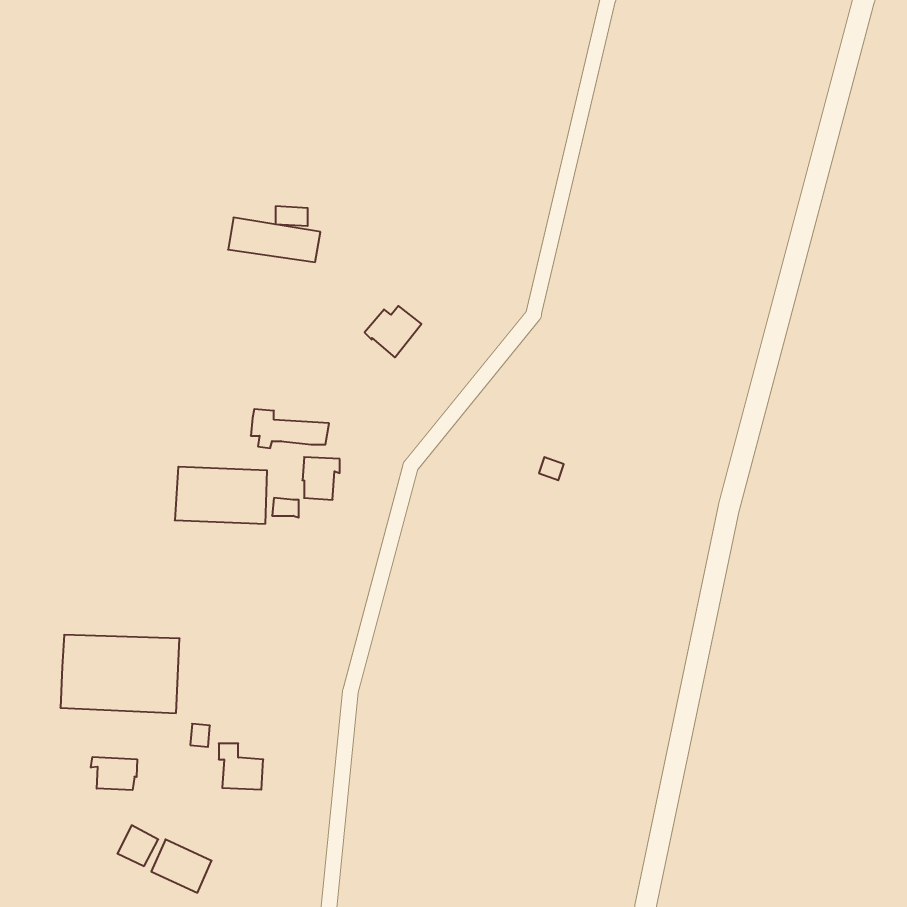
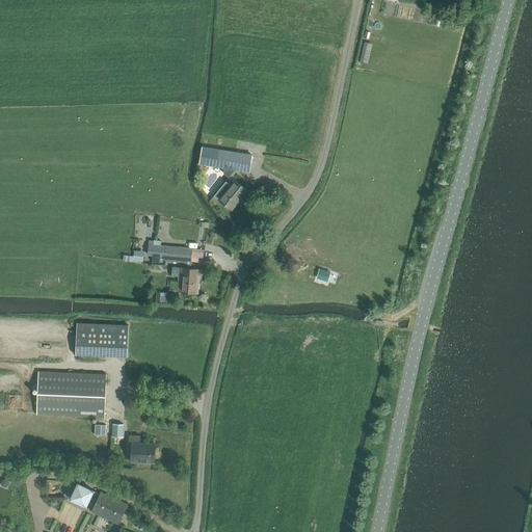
building: [228,218,320,262] -> [197,147,251,172]
building: [175,467,267,524] -> [74,322,128,355]
building: [91,757,137,790] -> none

